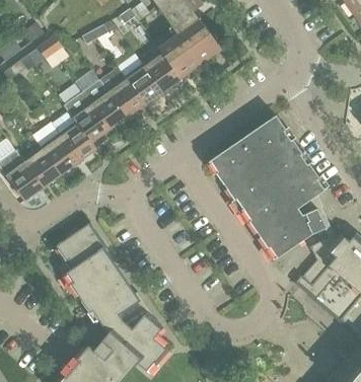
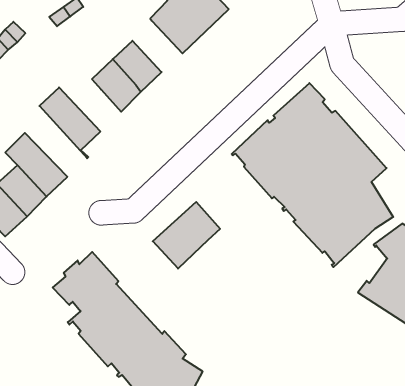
building: [143,51,181,91] -> none
building: [81,78,127,131] -> none
building: [50,104,95,162] -> none
building: none -> [153,202,220,269]

